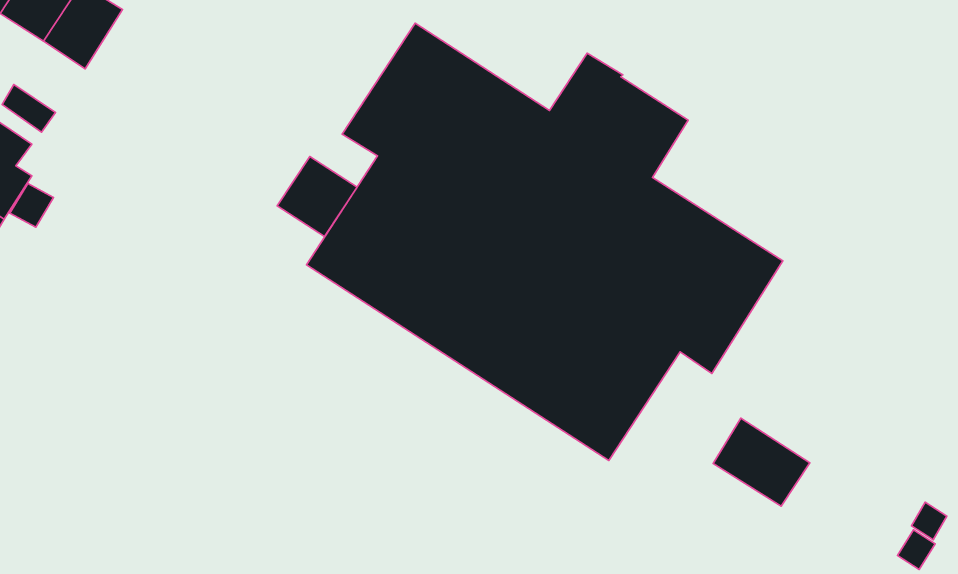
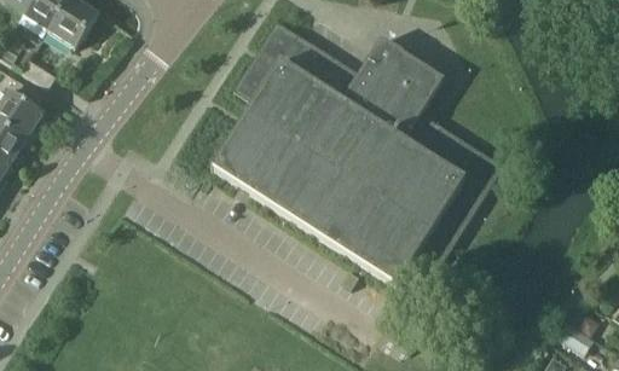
building: [277,157,357,236] -> none
building: [713,418,810,506] -> none

